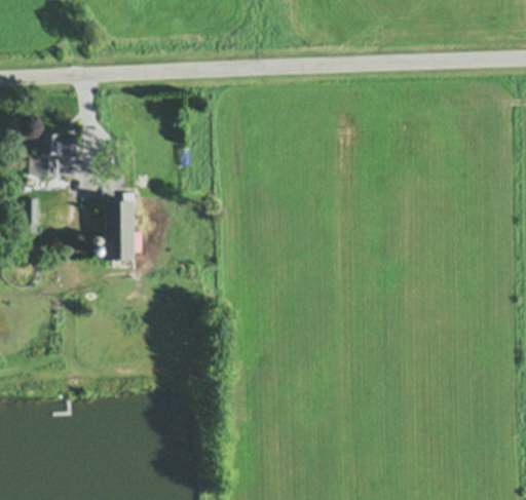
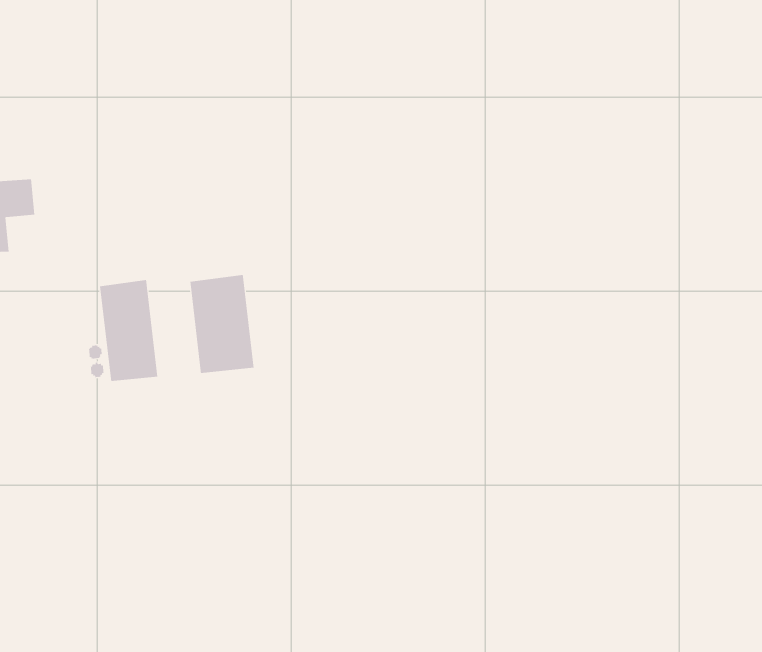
building: none -> [190,274,254,374]

